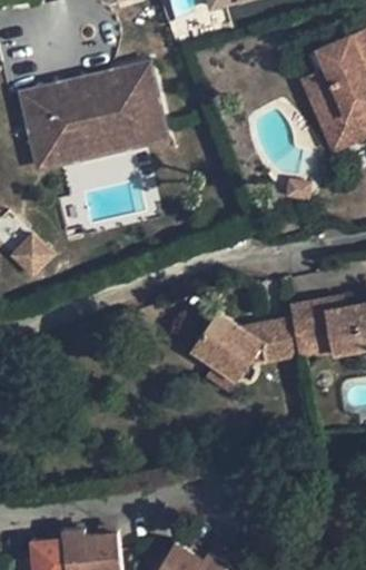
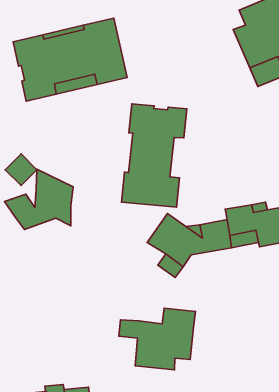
building: none -> [122,104,187,207]
building: none -> [4,169,73,230]
building: none -> [119,308,195,370]

